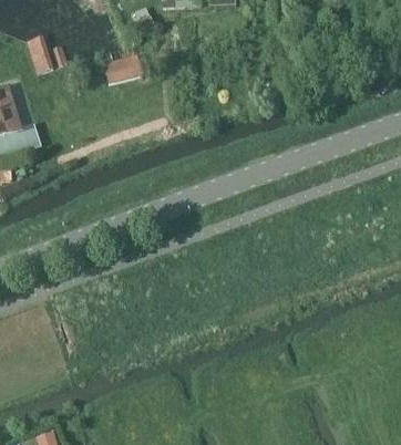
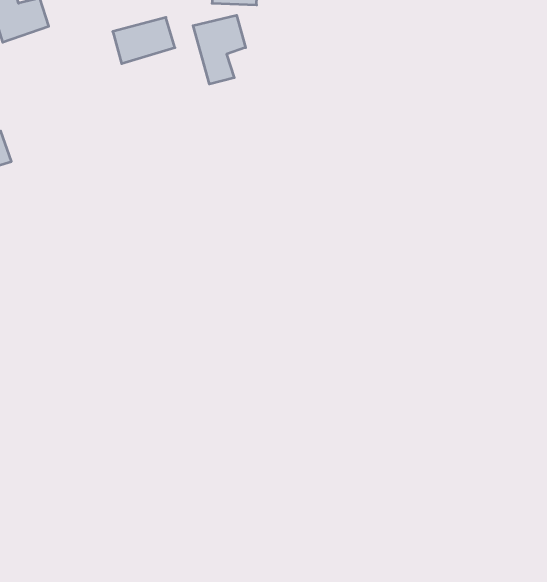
building: none -> [193,15,246,84]

